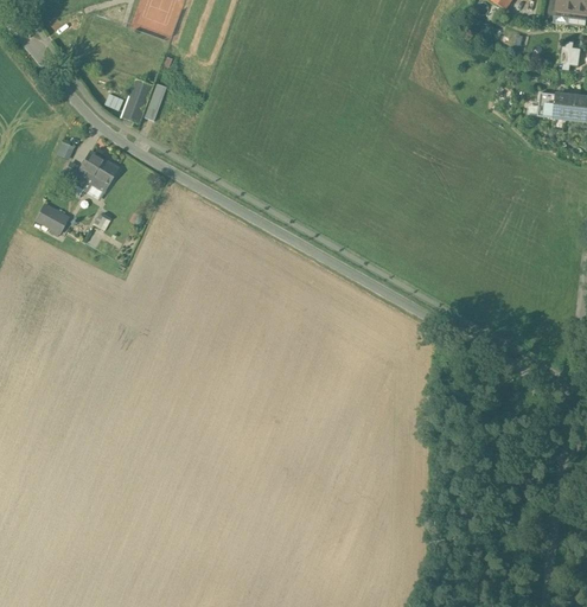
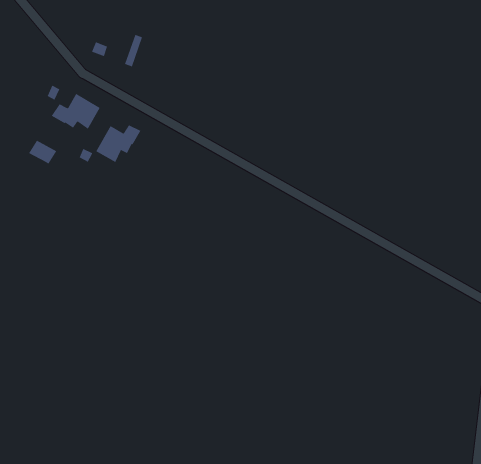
building: [121,79,153,127] -> none
building: none -> [96,125,141,163]

